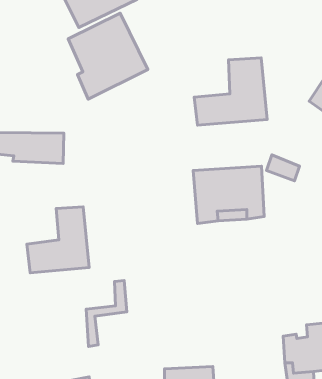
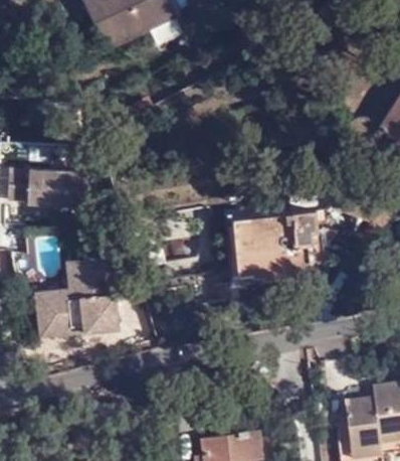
building: [68,13,148,99] -> none
building: [194,58,267,125] -> none
building: [86,281,127,346] -> [35,260,82,336]

